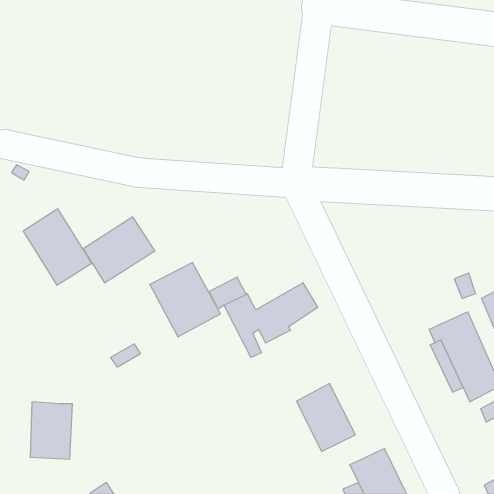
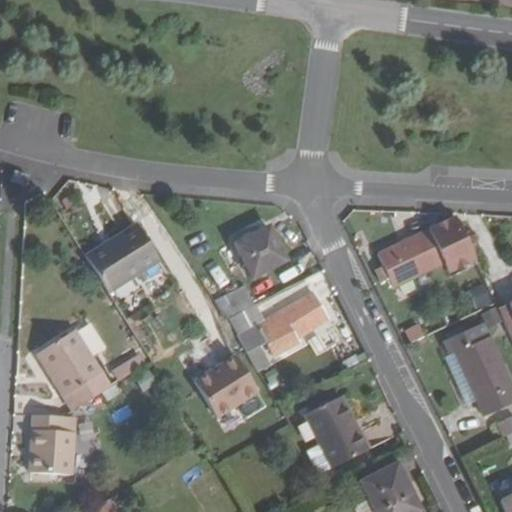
building: [23,209,92,285] -> [39,331,110,410]
building: none -> [373,217,475,285]
building: none -> [237,227,288,276]
building: [150,262,221,337] -> [195,354,268,431]

